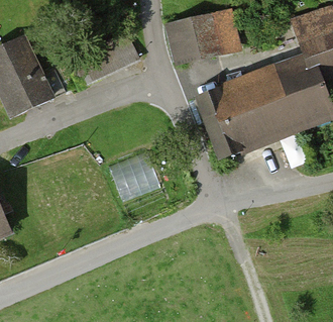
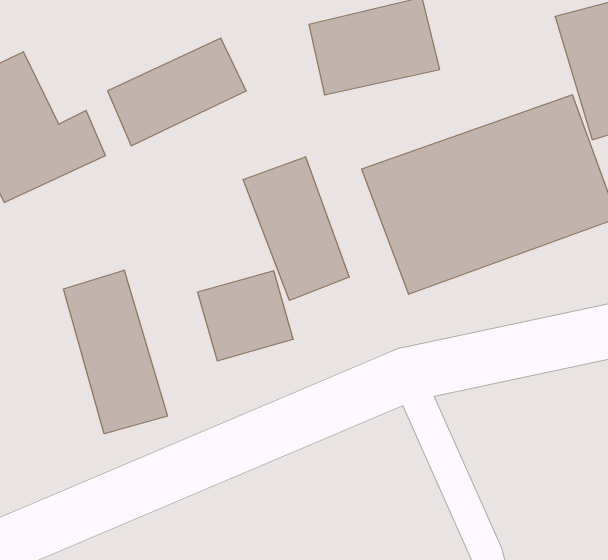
building: none -> [243,157,349,300]
building: none -> [63,270,167,434]

